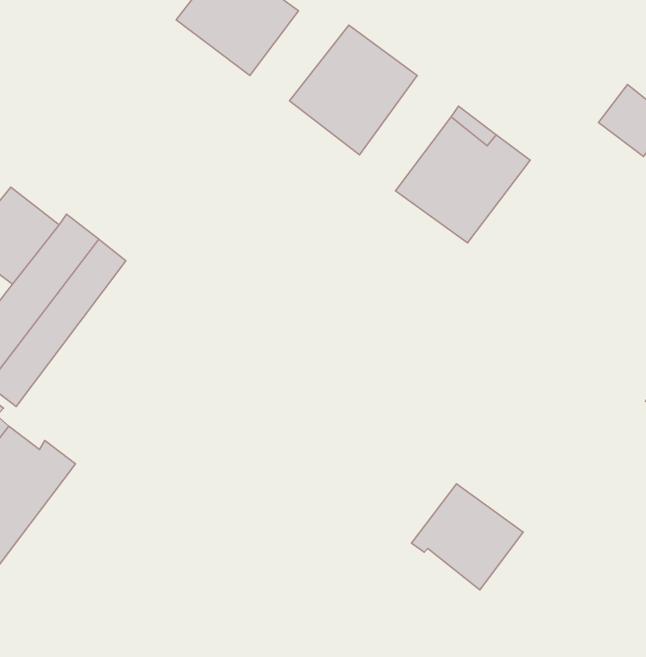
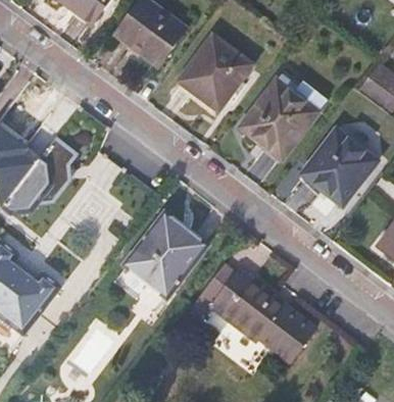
building: none -> [305,130,379,205]
building: none -> [115,211,202,304]
building: none -> [190,260,276,330]

